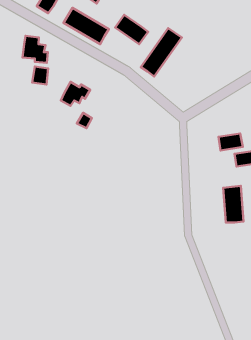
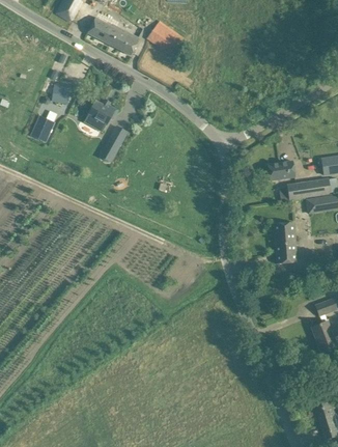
building: [141,28,182,77] -> none
building: [22,36,48,63] -> none
building: none -> [30,114,55,142]

